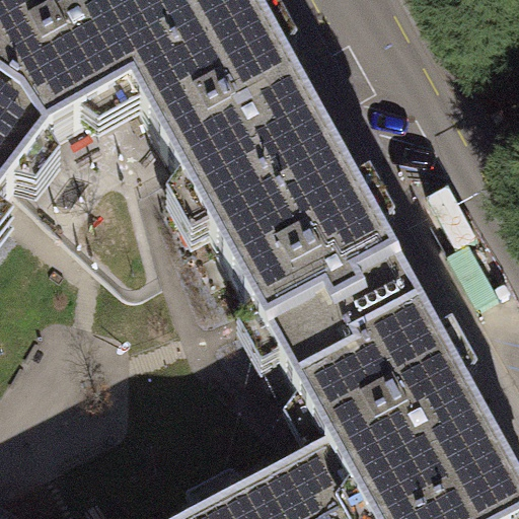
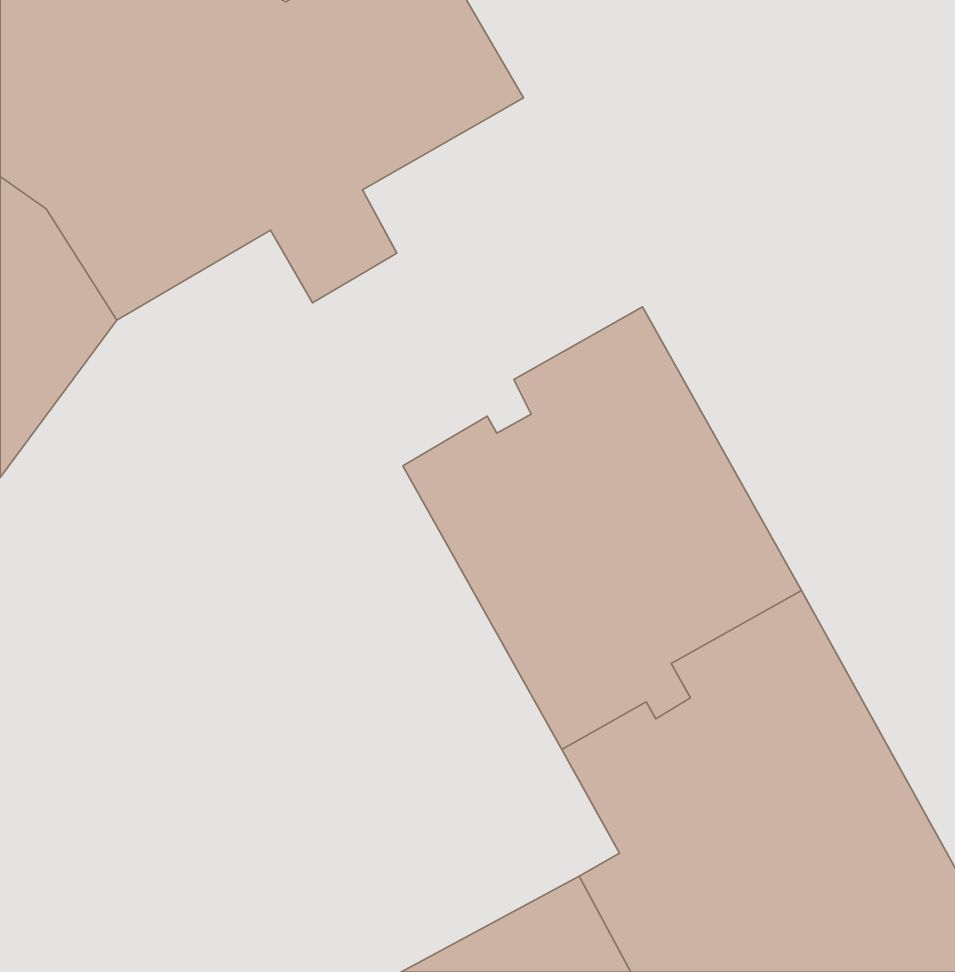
building: [178,52,353,246] -> none

